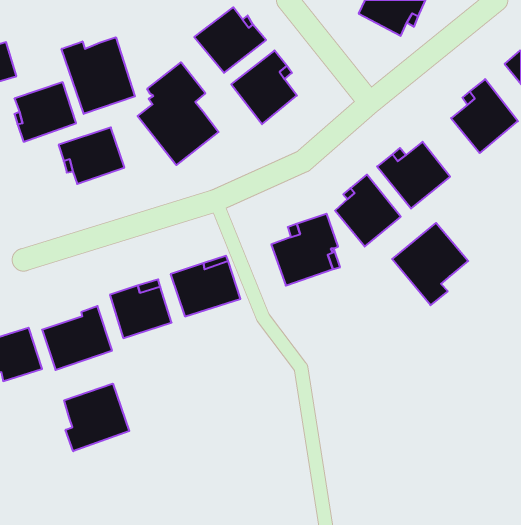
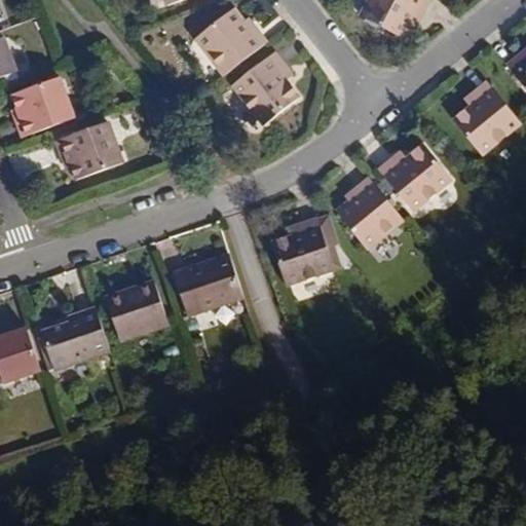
building: [62,37,135,114] -> none
building: [138,62,219,165] -> none
building: [392,223,468,305] -> none
building: [64,384,129,451] -> none

